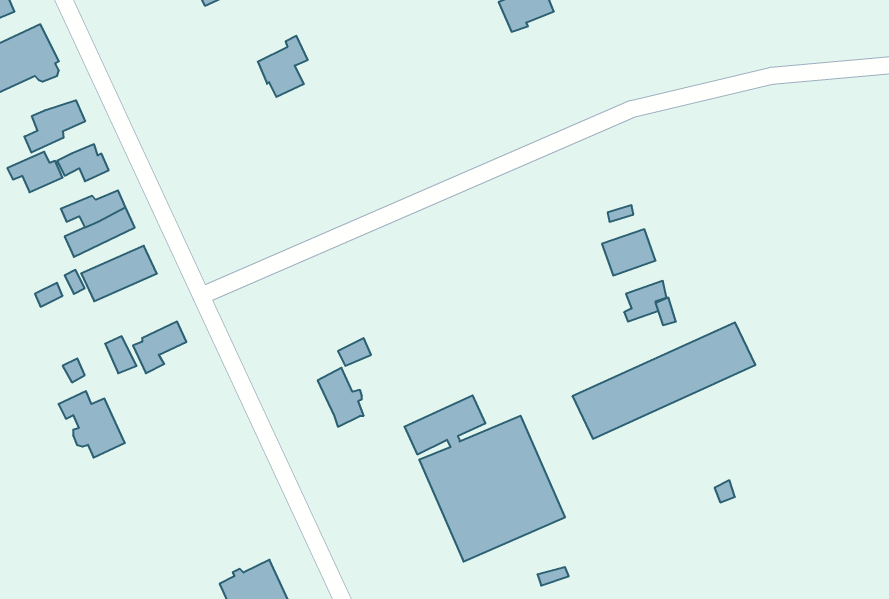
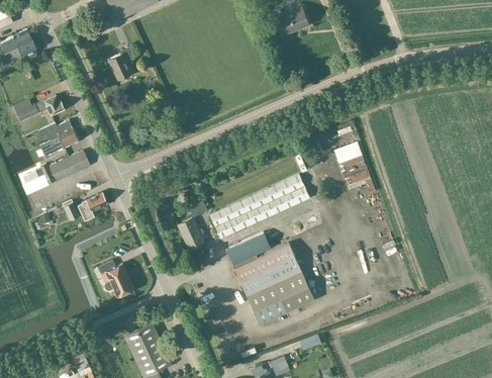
building: [258,36,308,97] -> [107,46,134,80]
building: [24,100,85,153] -> none
building: [572,322,755,439] -> [209,175,309,239]
building: [58,391,125,458] -> [97,260,133,296]

